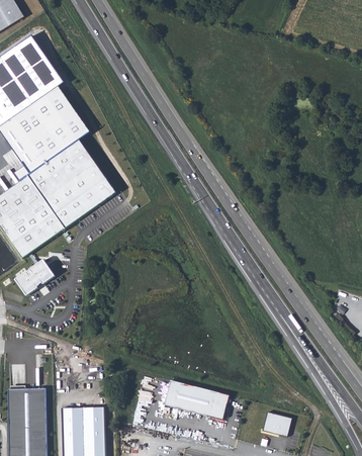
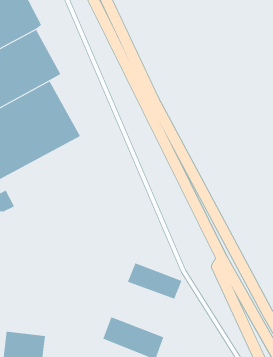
building: none -> [127,262,182,299]

